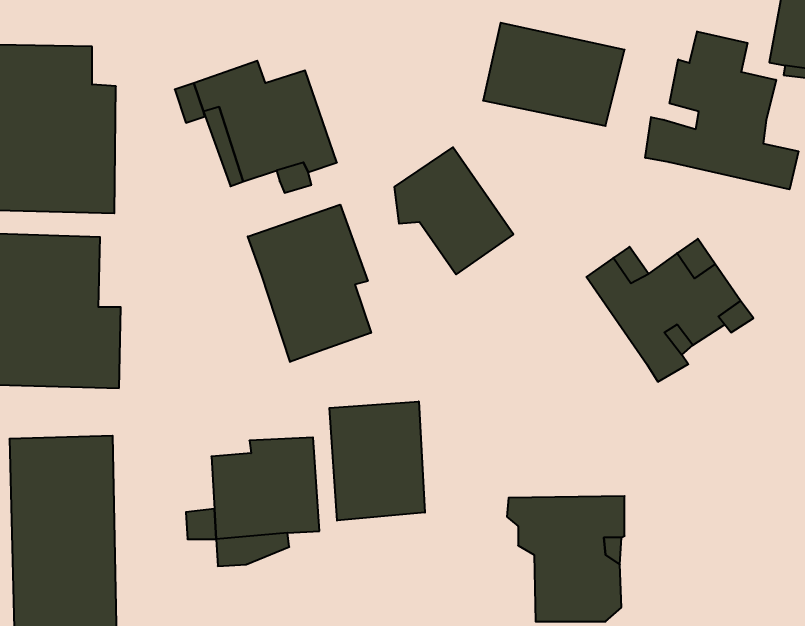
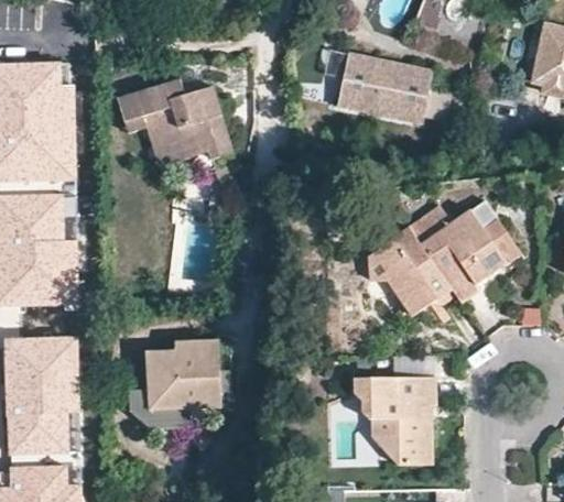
building: [645,31,798,189] -> none
building: [394,147,513,274] -> [366,227,448,315]
building: [248,205,371,362] -> none
building: [329,401,425,521] -> none

